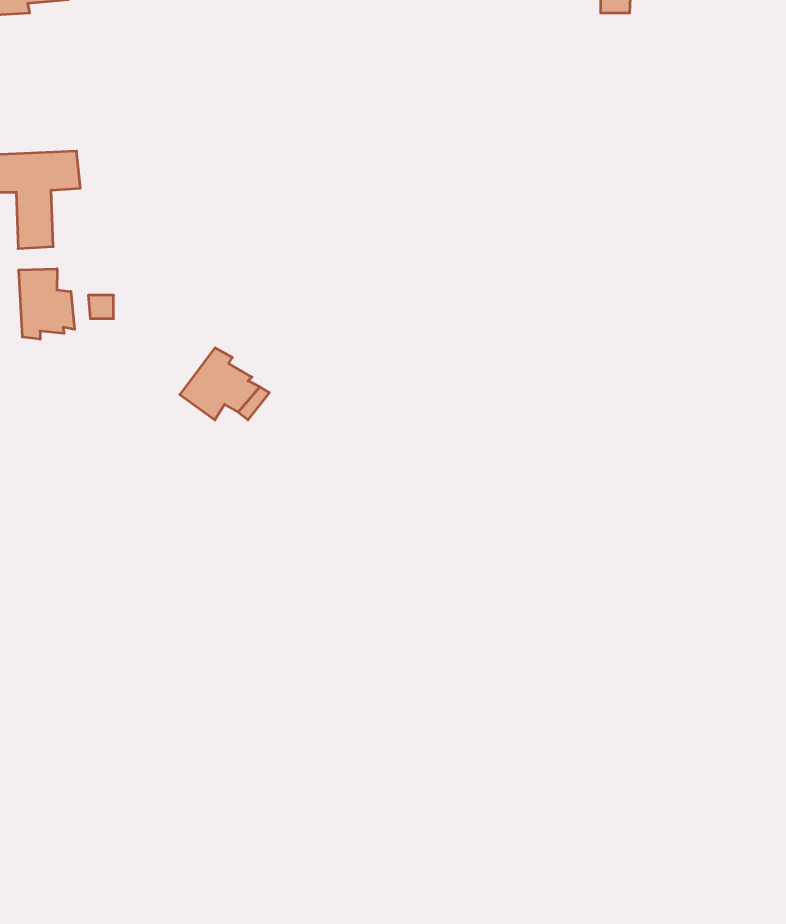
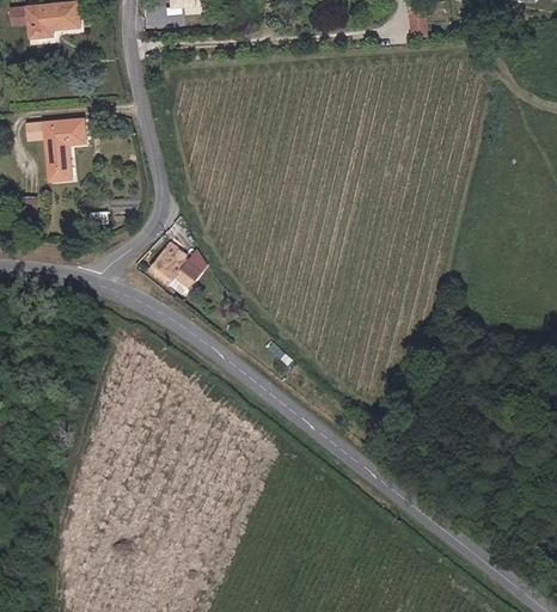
building: [19,269,75,339] -> none

